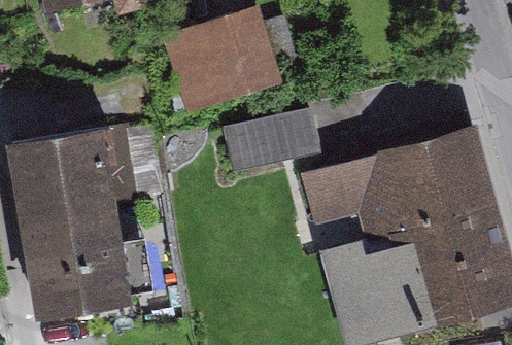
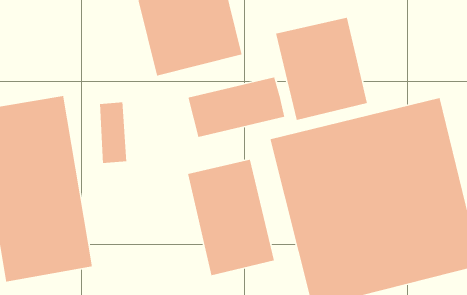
building: none -> [275,17,368,121]
building: none -> [187,159,275,276]

